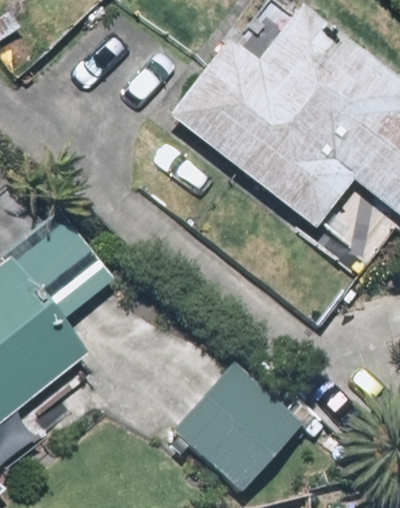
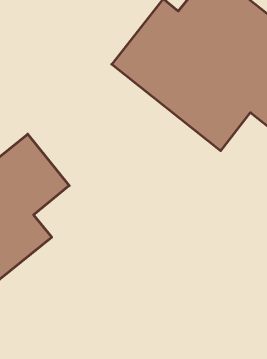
building: [170,356,307,493] -> none

